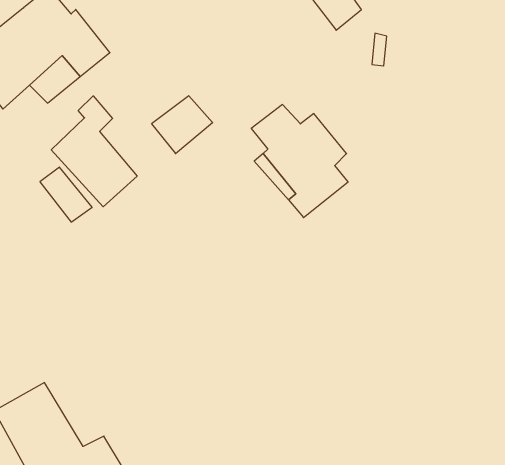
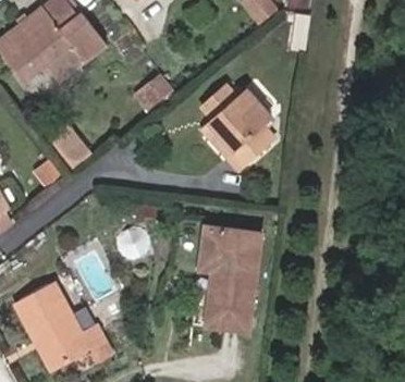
building: [51,96,137,207] -> none
building: none -> [199,226,258,328]

